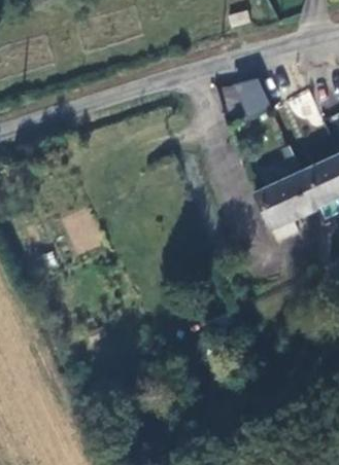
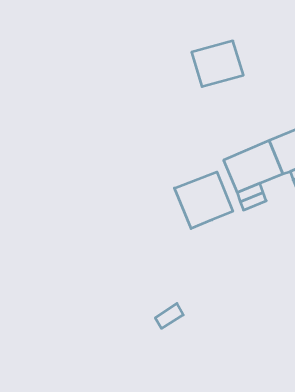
building: none -> [174,172,233,229]

